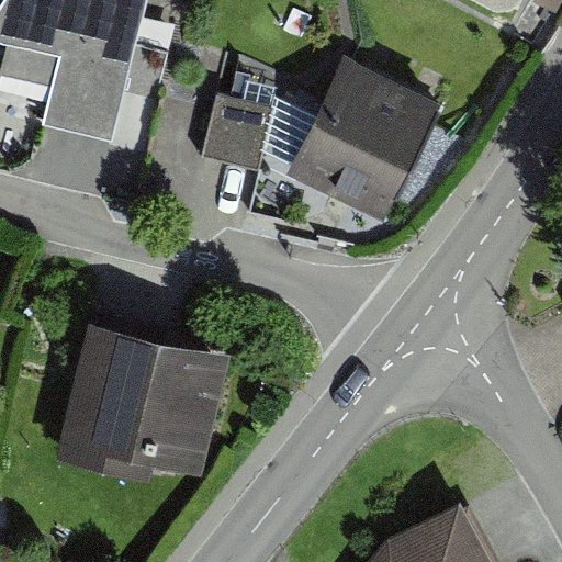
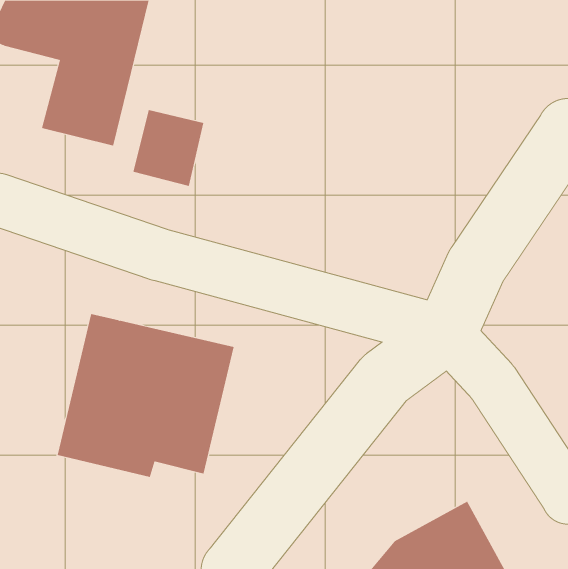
building: [285,60,440,225] -> none
building: [202,97,272,172] -> [133,109,204,186]

